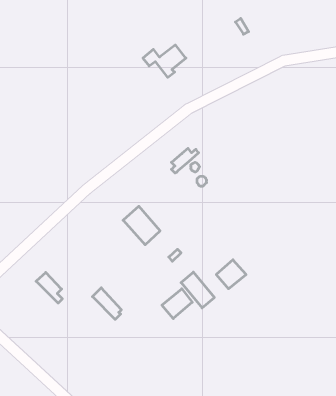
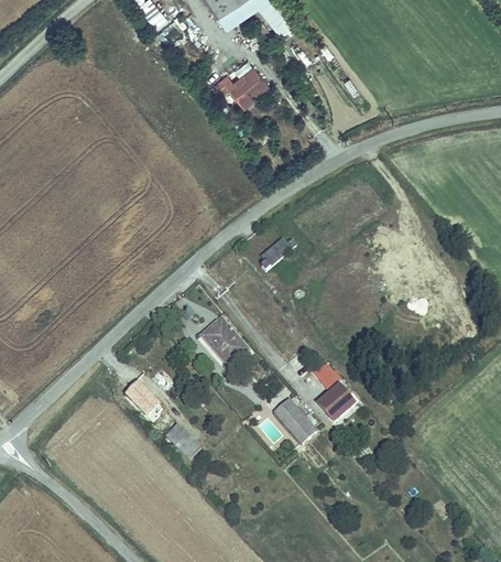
building: [143,45,186,77] -> [214,69,268,110]
building: [36,272,62,303] -> [124,378,157,417]
building: [162,289,192,319] -> none

